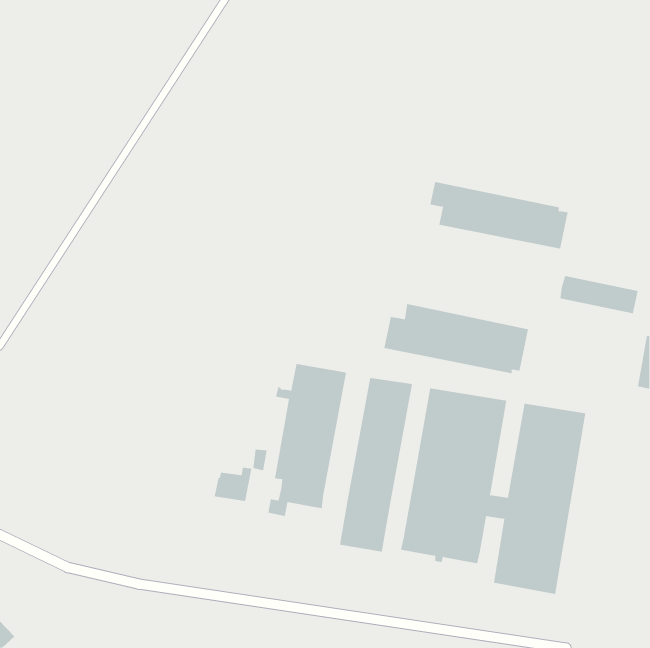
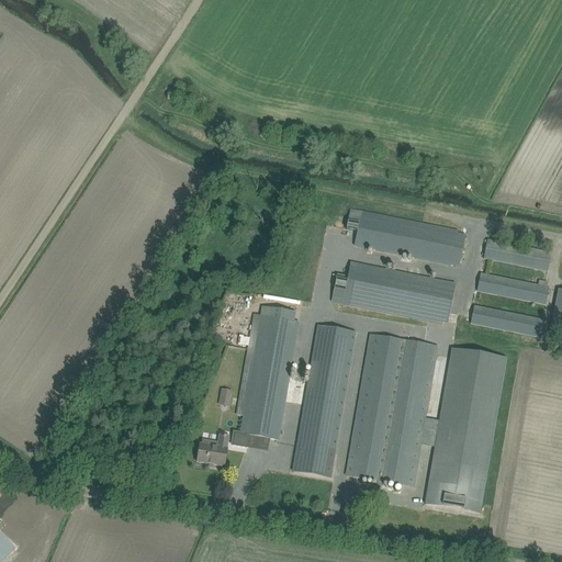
building: [429,182,568,249] -> [345,206,464,265]
building: none -> [476,272,549,304]
building: none -> [469,303,541,335]
building: [214,467,252,502] -> [195,434,228,463]

